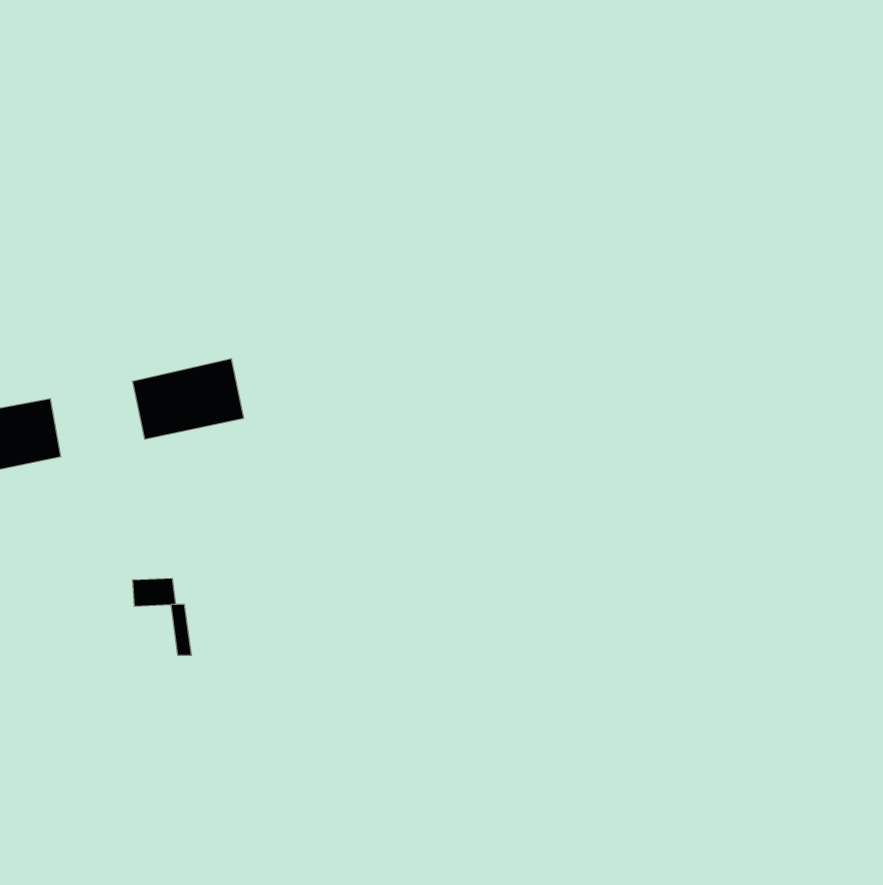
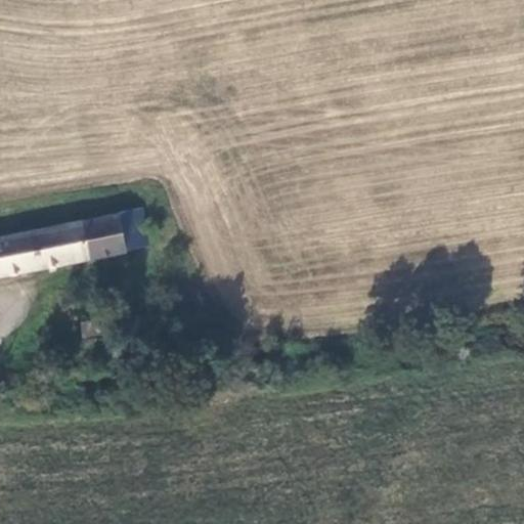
building: none -> [30,224,85,268]

